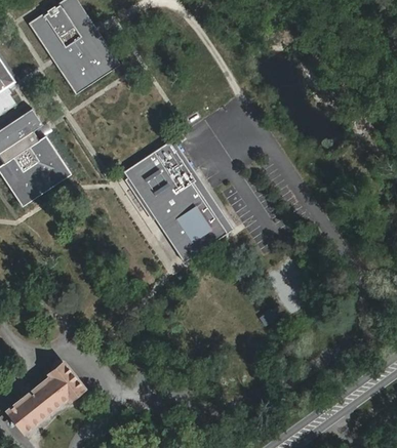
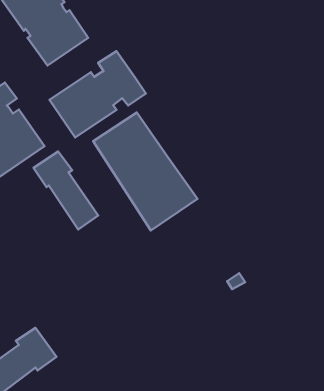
building: none -> [50,51,146,138]
building: none -> [34,151,98,229]

